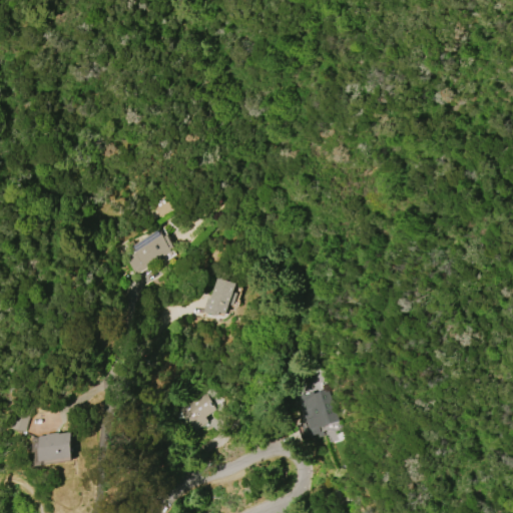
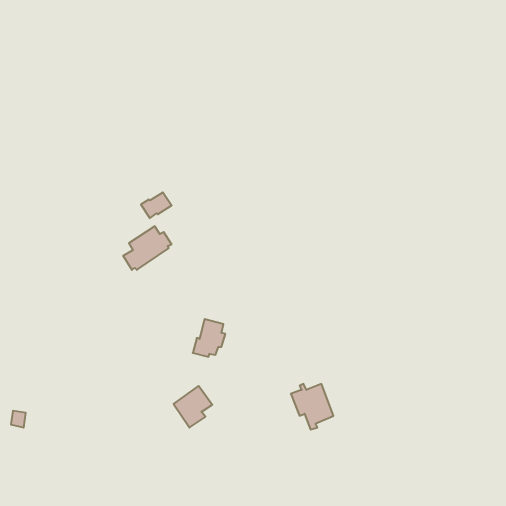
building: [204,279,237,317] -> [193,319,225,357]
building: [41,433,76,462] -> none

